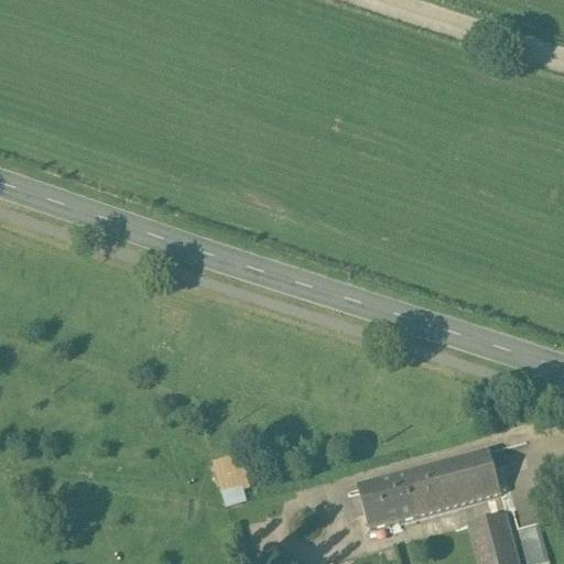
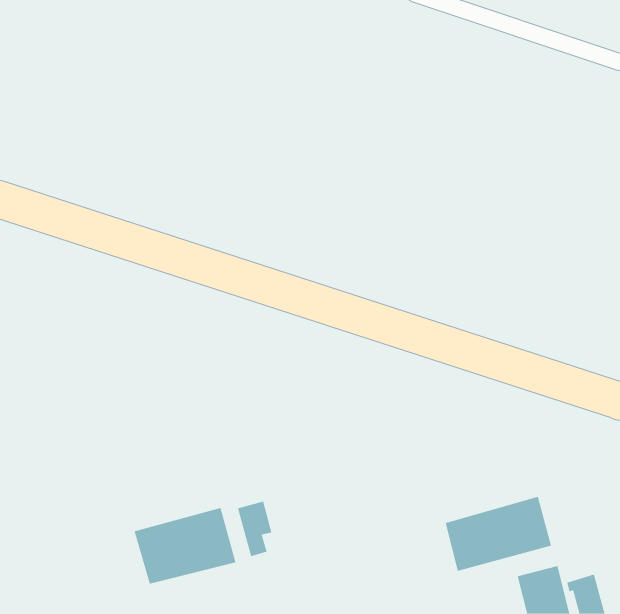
building: none -> [134,507,236,585]
building: [357,474,414,530] -> none

